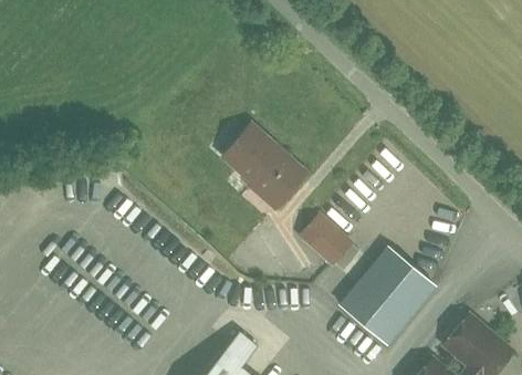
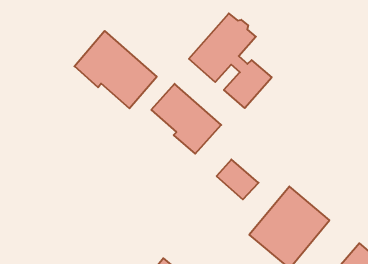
building: none -> [189,13,272,108]
building: none -> [74,31,157,108]

